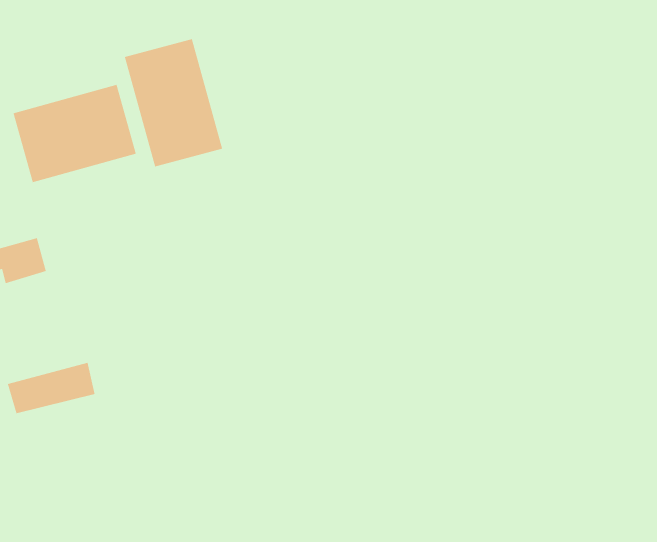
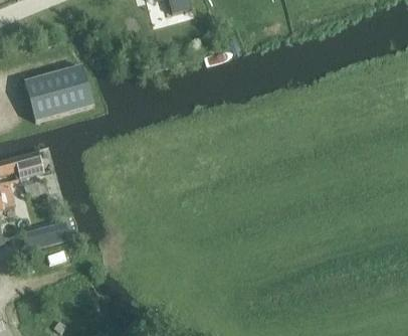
building: [124,38,223,168] -> none

